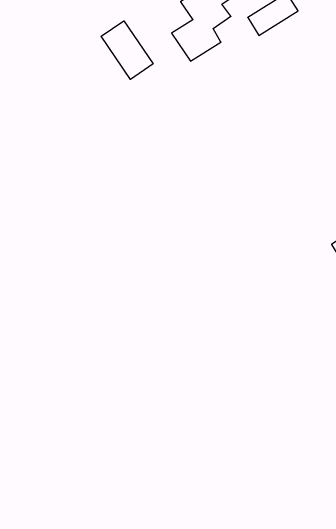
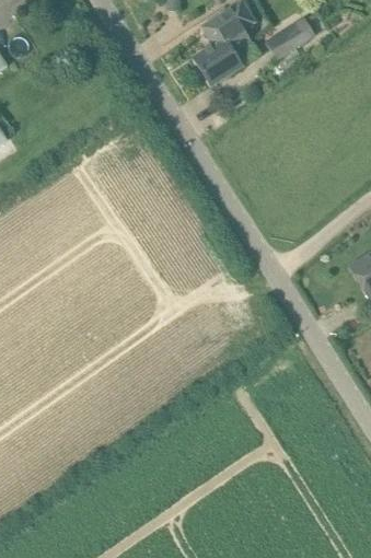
building: [101,21,153,79] -> none

